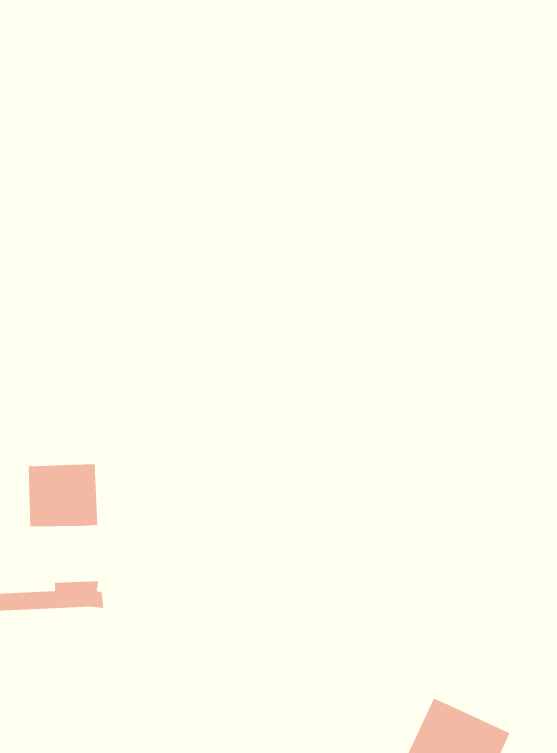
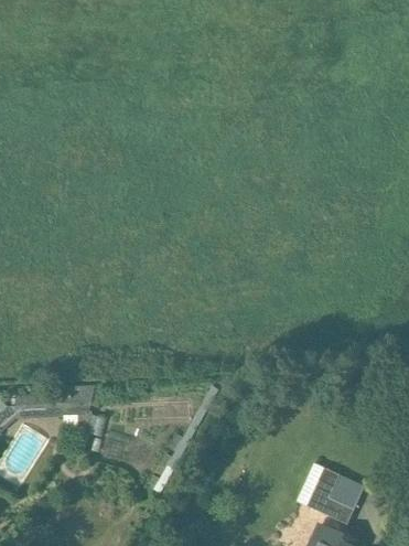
building: [28,464,98,527] -> none

